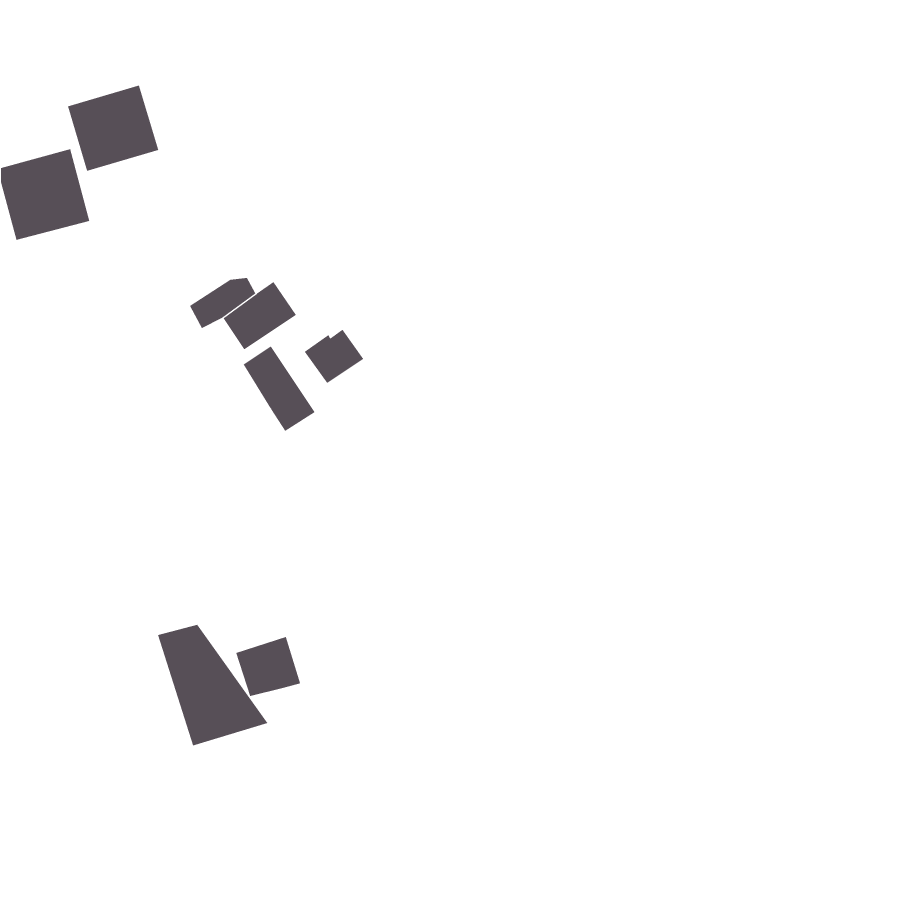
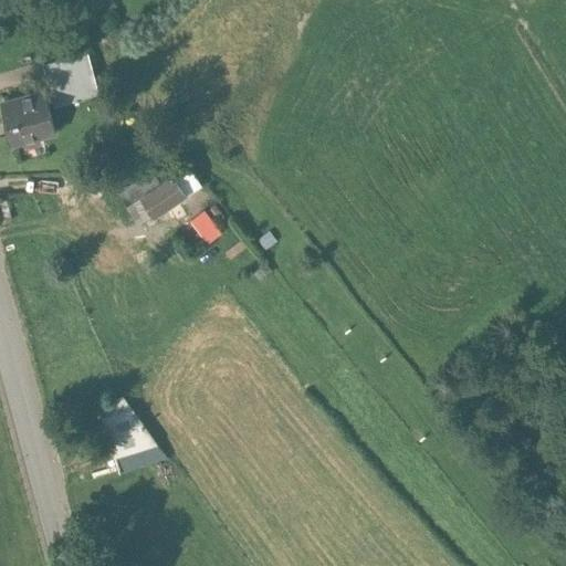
building: [243,346,315,432] -> none
building: [236,636,301,697] -> none

